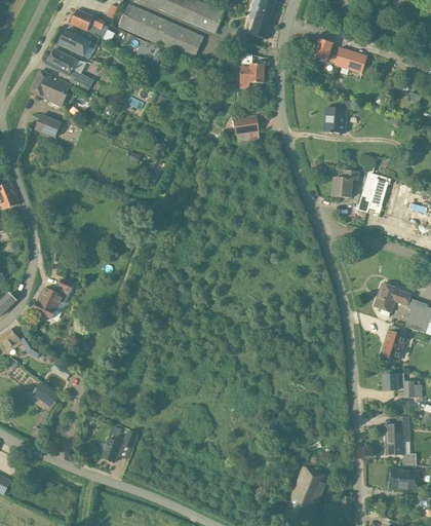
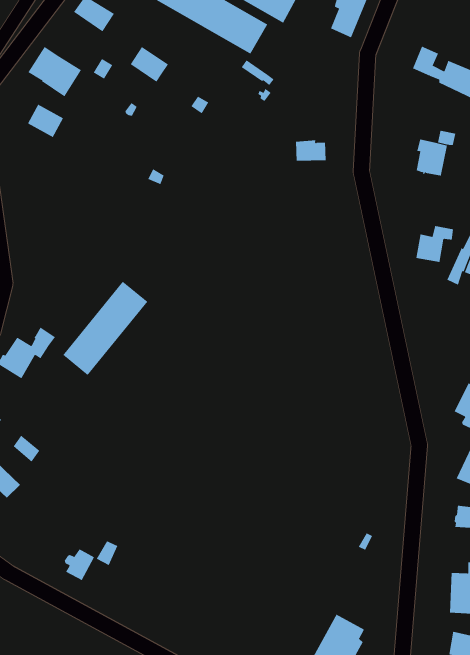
building: [46,48,75,74] -> [130,46,169,83]
building: [239,63,265,87] -> none
building: none -> [62,281,148,376]

